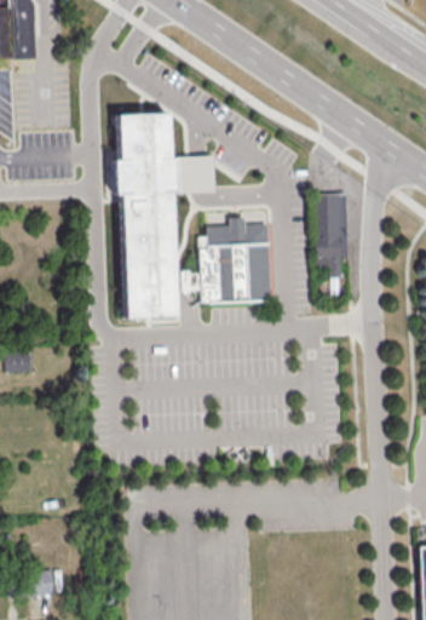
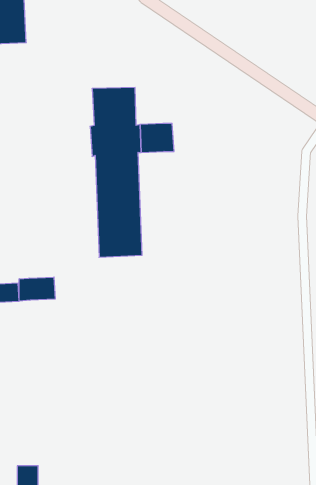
building: [318,195,351,280] -> none
building: [186,217,276,306] -> none
building: none -> [19,277,55,301]

